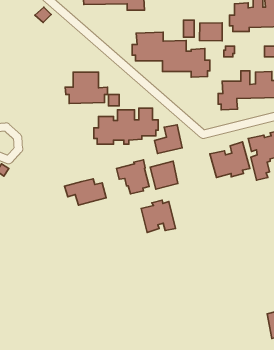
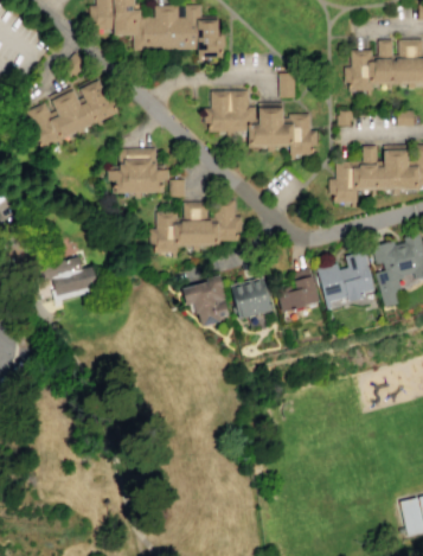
building: [200,23,222,41] -> none
building: none -> [27,78,118,152]
building: [154,125,182,153] -> [278,269,319,311]
building: [65,179,106,205] -> [38,257,98,295]
building: [141,200,176,232] -> none

